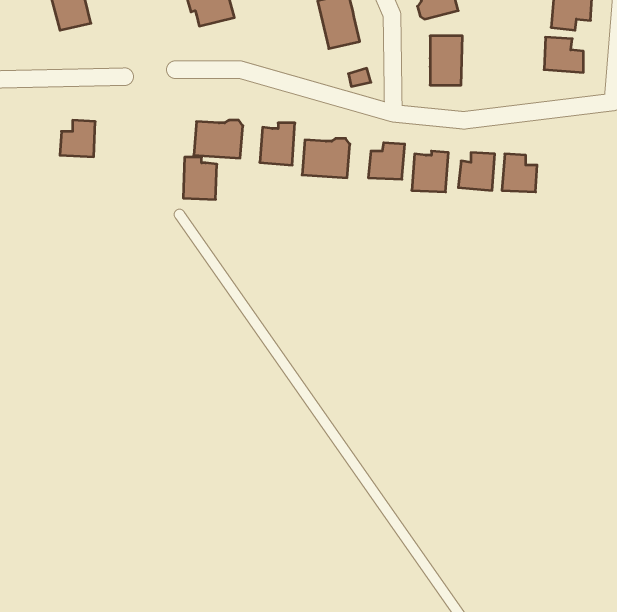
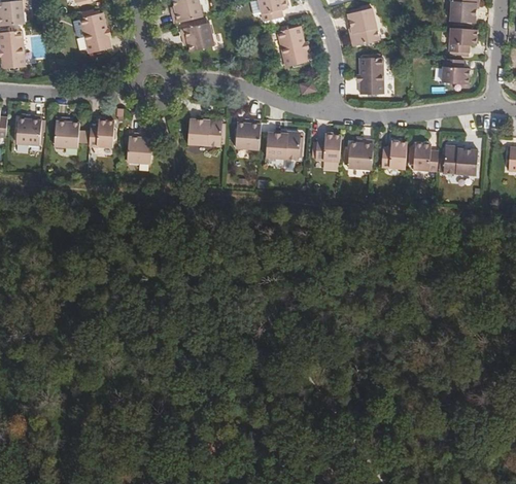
building: none -> [54,116,80,147]
building: [183,157,217,199] -> [128,133,152,164]
building: none -> [442,146,477,176]

